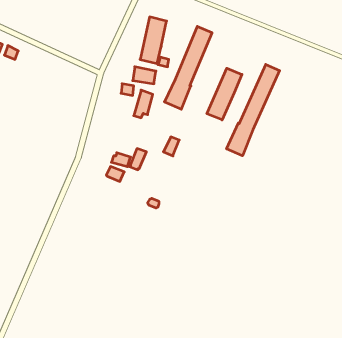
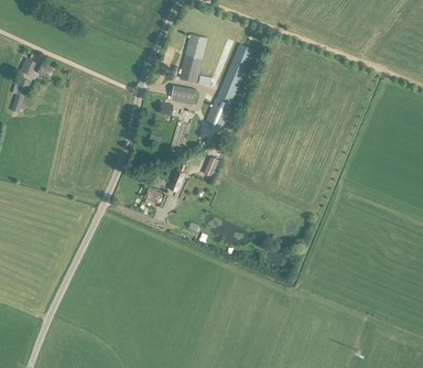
building: [227,64,280,156] -> none
building: [207,68,242,120] -> none

